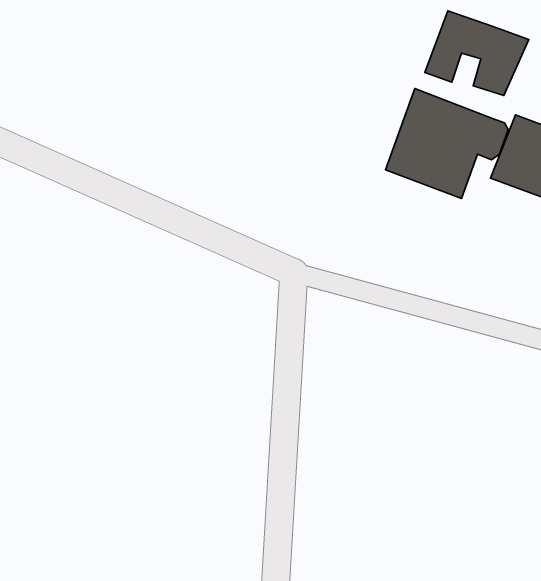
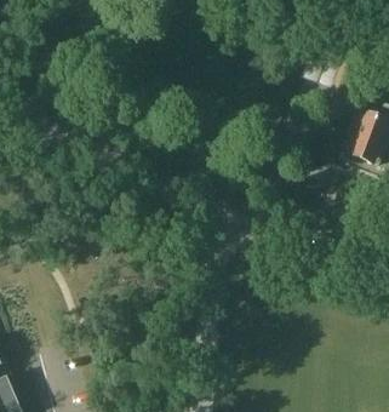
building: [386,88,508,198] -> none

